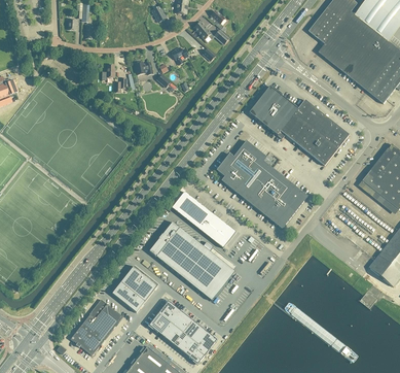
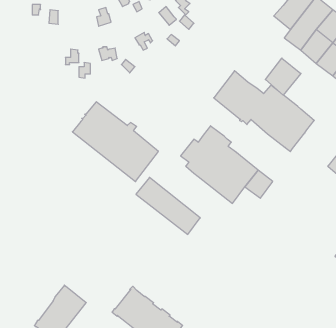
building: none -> [265,58,301,95]
building: [266,200,294,228] -> none
building: [148,221,233,300] -> [72,102,158,182]
building: [111,265,157,311] -> none

